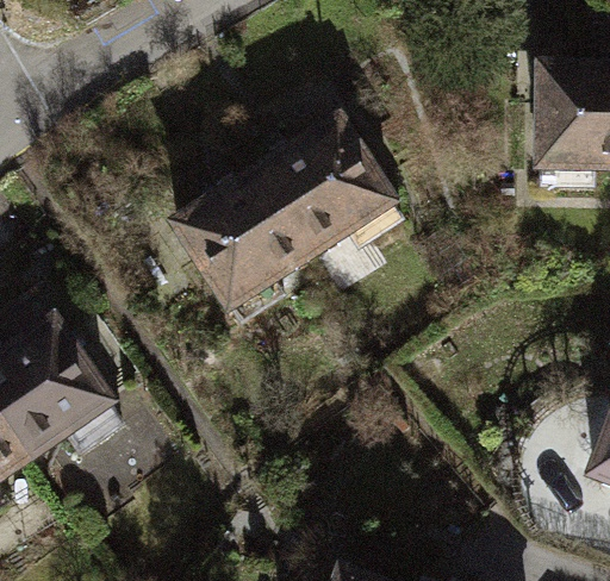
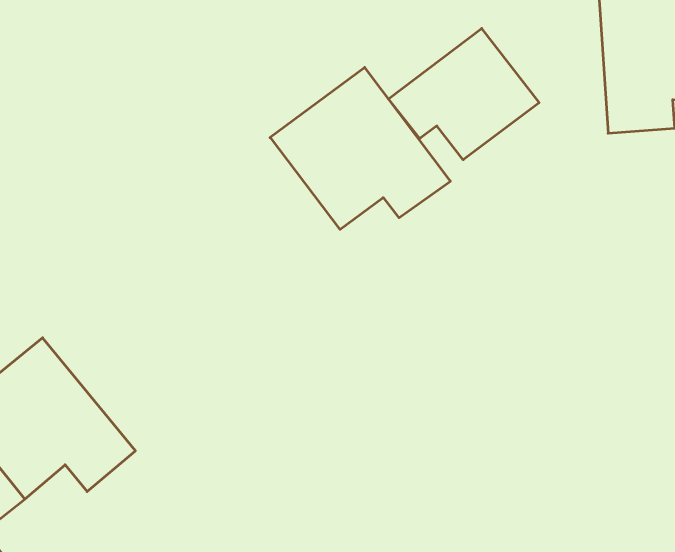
building: none -> [388,28,539,160]
building: [175,165,309,319] -> none

